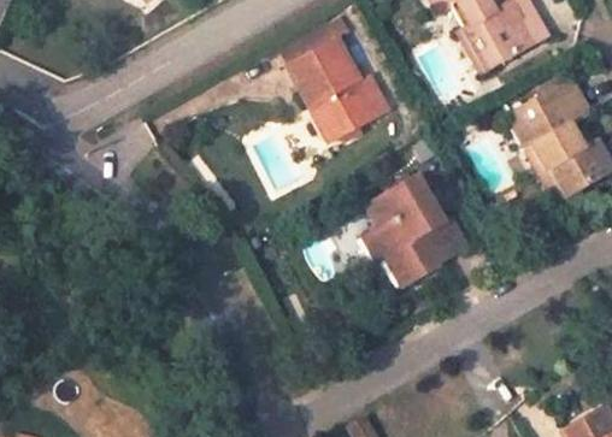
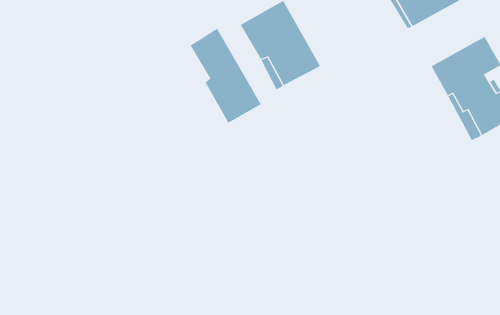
building: none -> [190,28,262,124]
building: [364,173,469,283] -> none

